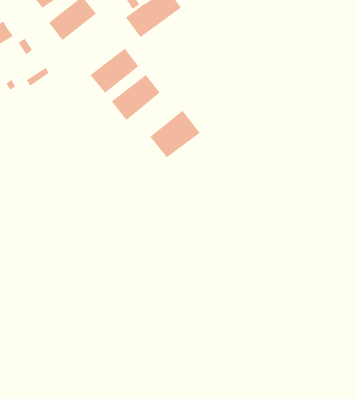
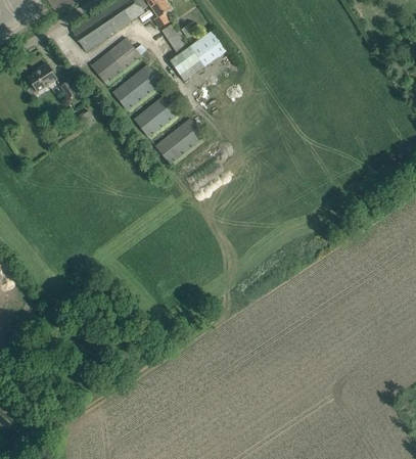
building: none -> [111,63,161,110]
building: [149,110,201,158] -> none

